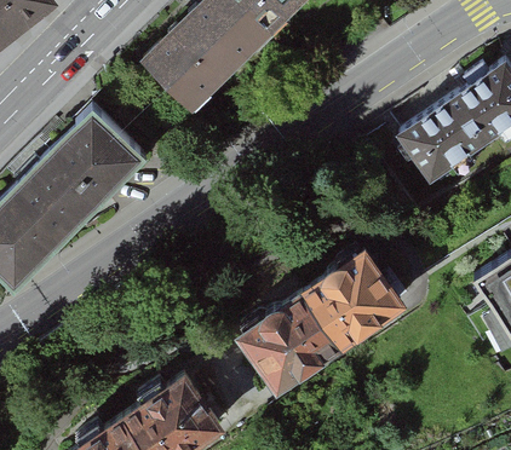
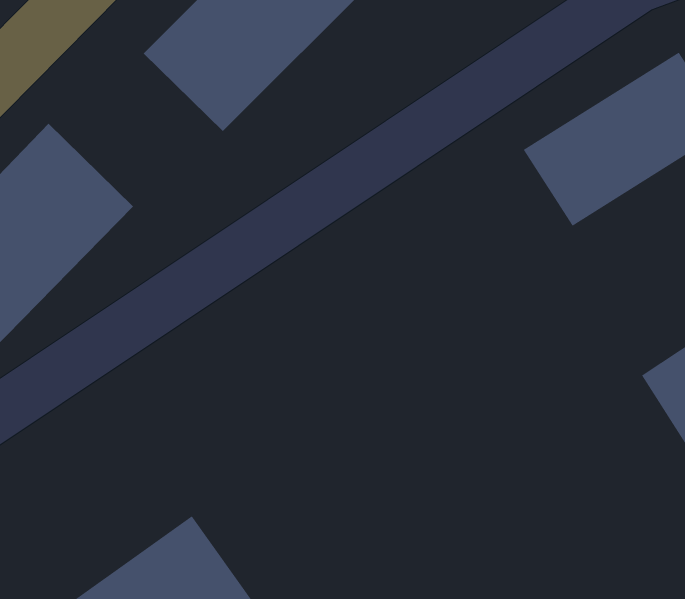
building: [237,242,407,391] -> none

